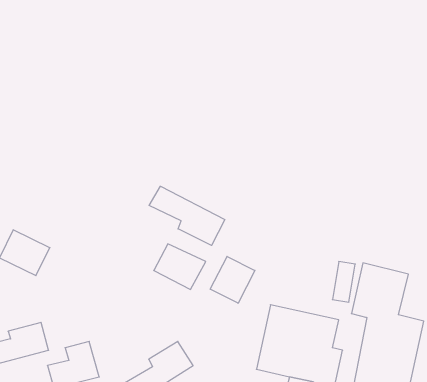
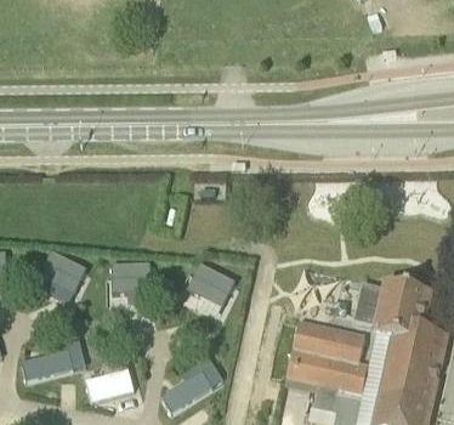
building: [149,186,225,245] -> none
building: none -> [110,264,152,294]
building: [210,256,255,303] -> none

